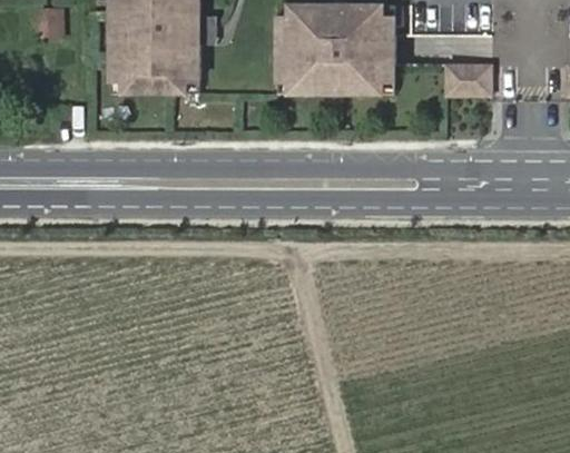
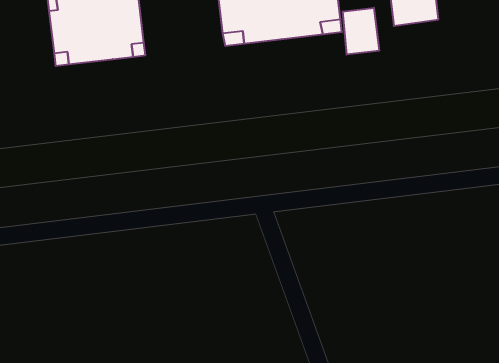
building: none -> [343,8,379,55]

